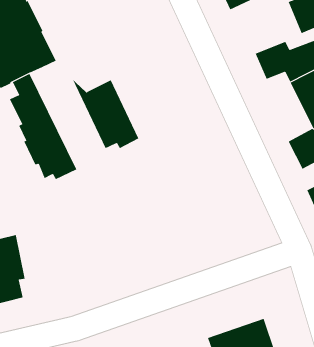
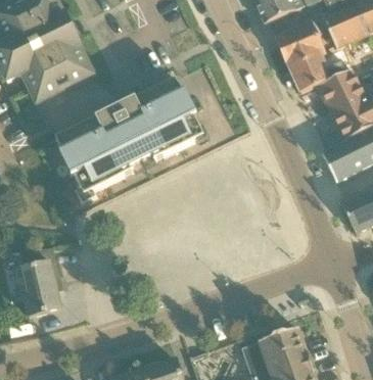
building: none -> [275,20,323,66]
building: none -> [146,79,200,150]
building: none -> [65,80,140,181]

